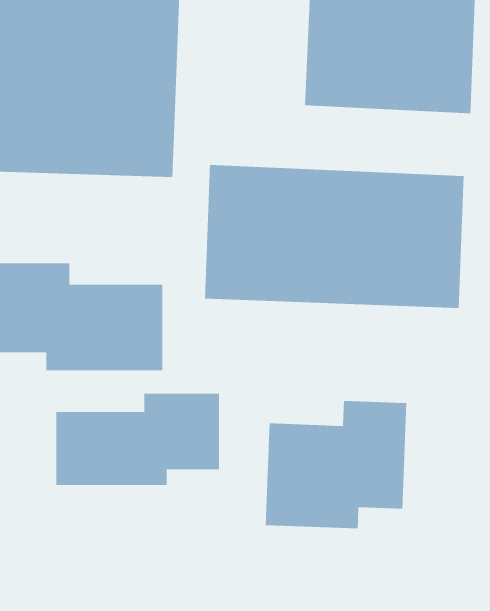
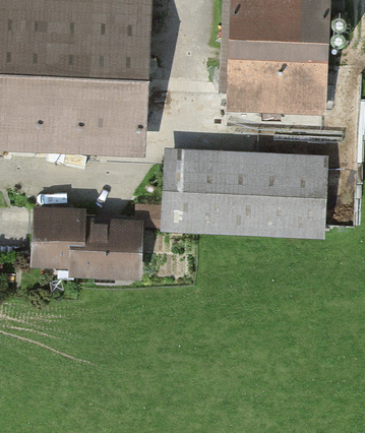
building: [56,393,220,486] -> none
building: [265,400,407,529] -> none

